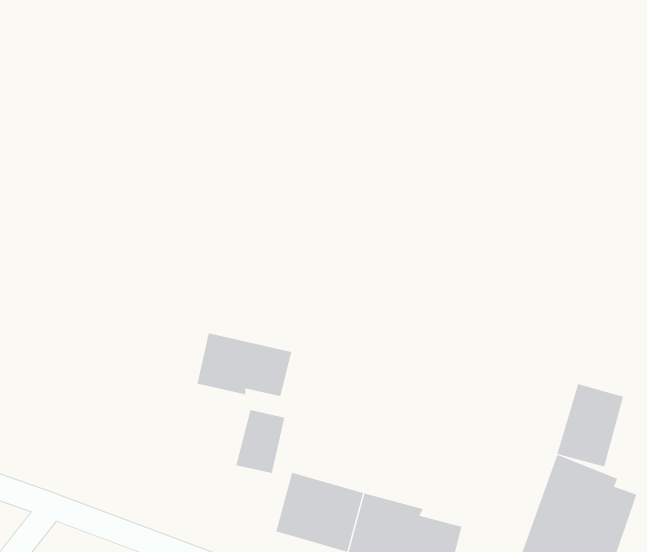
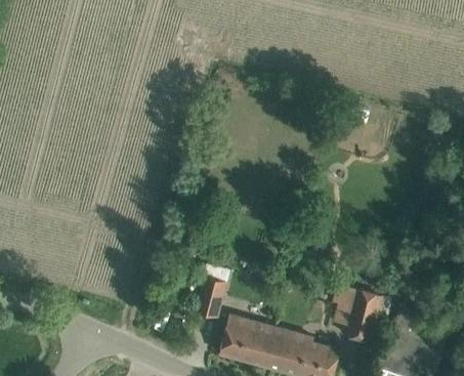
building: [197,332,292,397] -> none
building: [556,384,624,467] -> [340,286,383,339]

